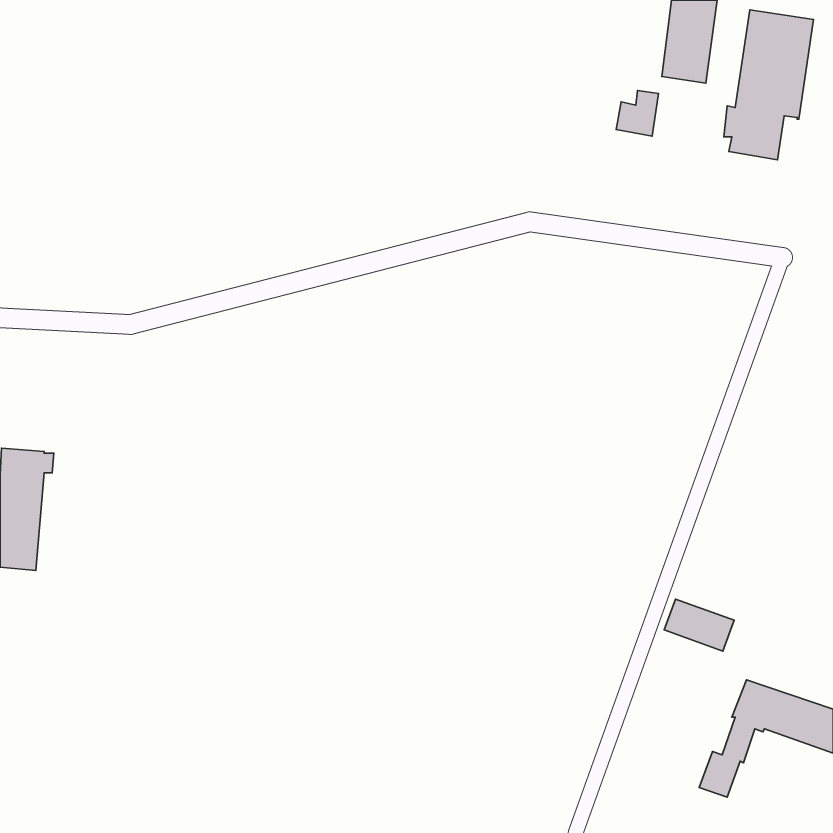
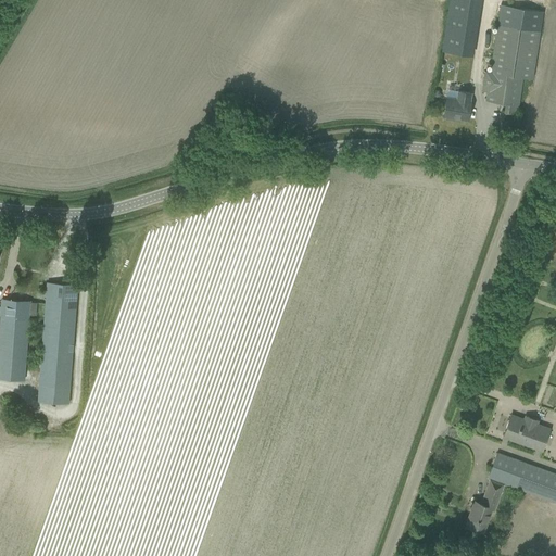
building: [616,90,659,136] -> [443,89,471,119]
building: none -> [38,282,77,403]
building: [664,599,734,651] -> [503,415,549,450]

